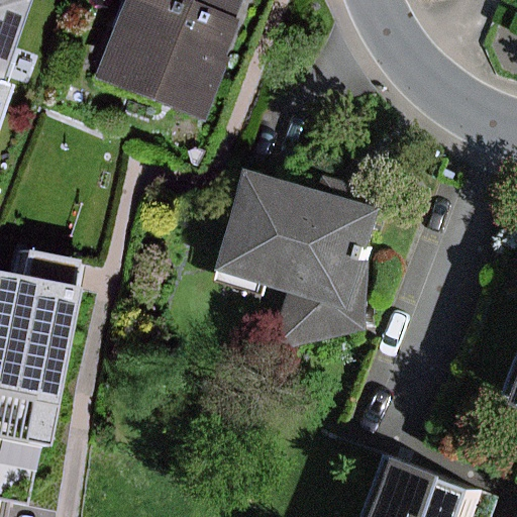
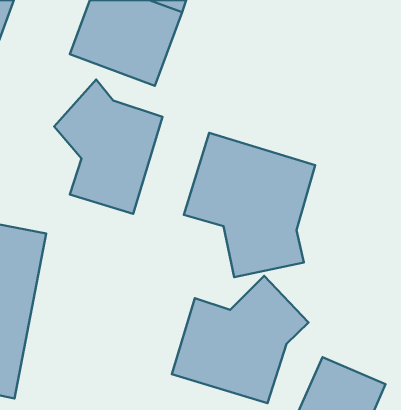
building: none -> [54,80,163,214]
building: none -> [172,276,309,403]

